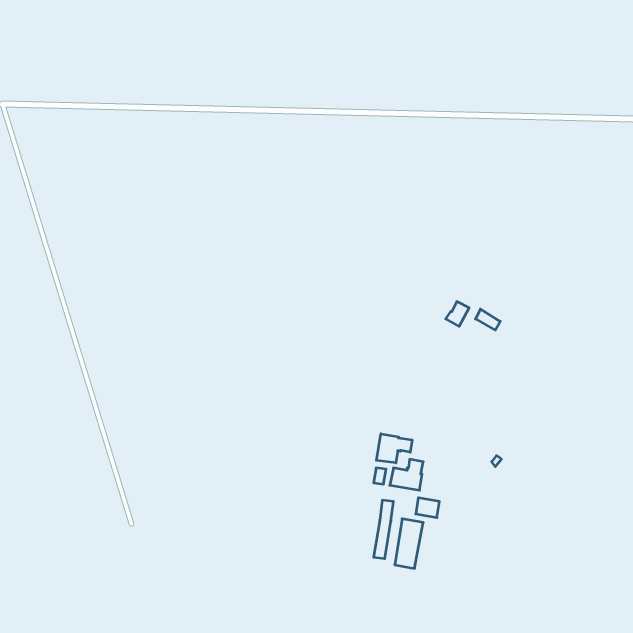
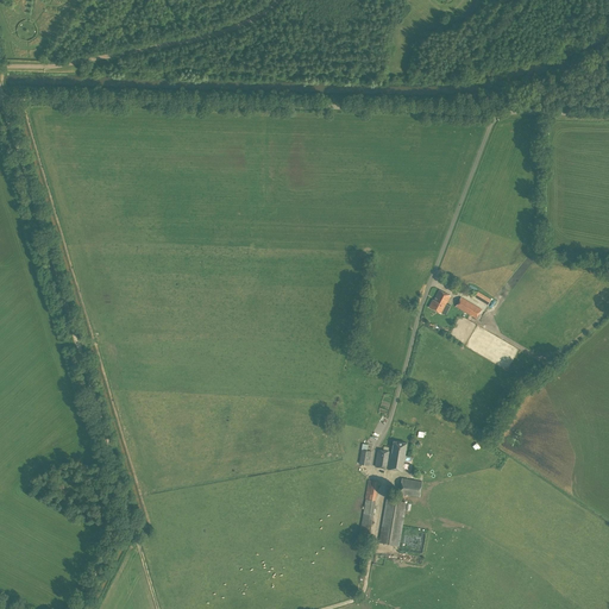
building: [376,434,412,463] -> none

